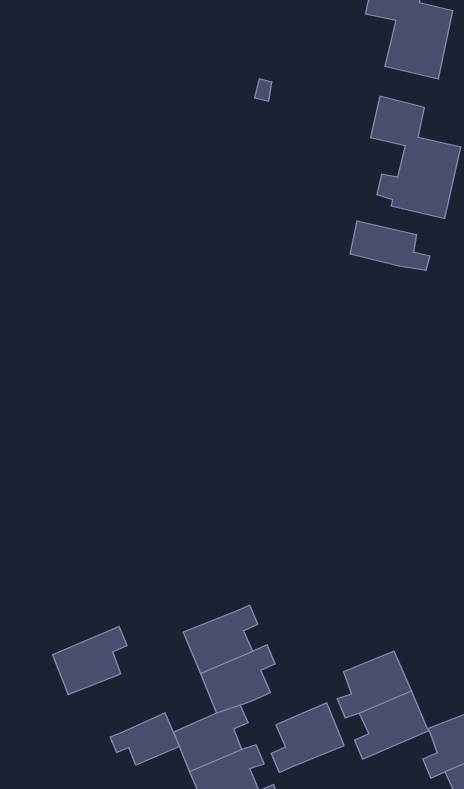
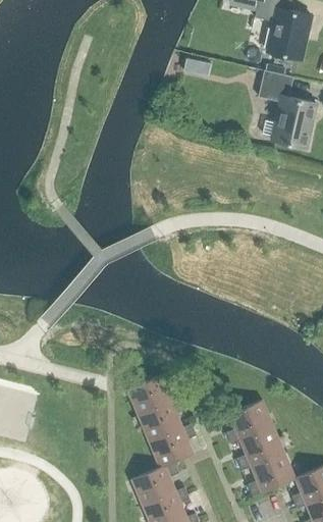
building: [350,221,430,271] -> none
building: [52,626,127,695] -> [127,371,175,415]
building: [271,703,344,772] -> [226,400,273,445]
building: [110,713,179,765] -> none

